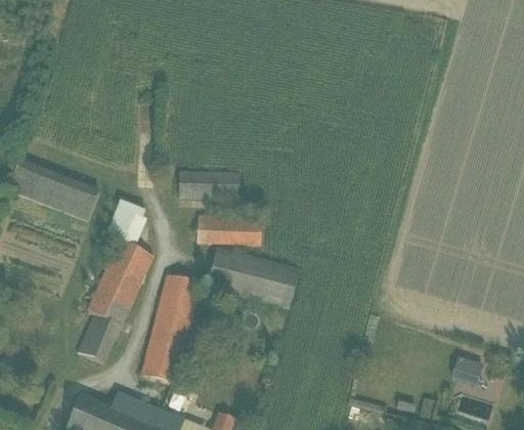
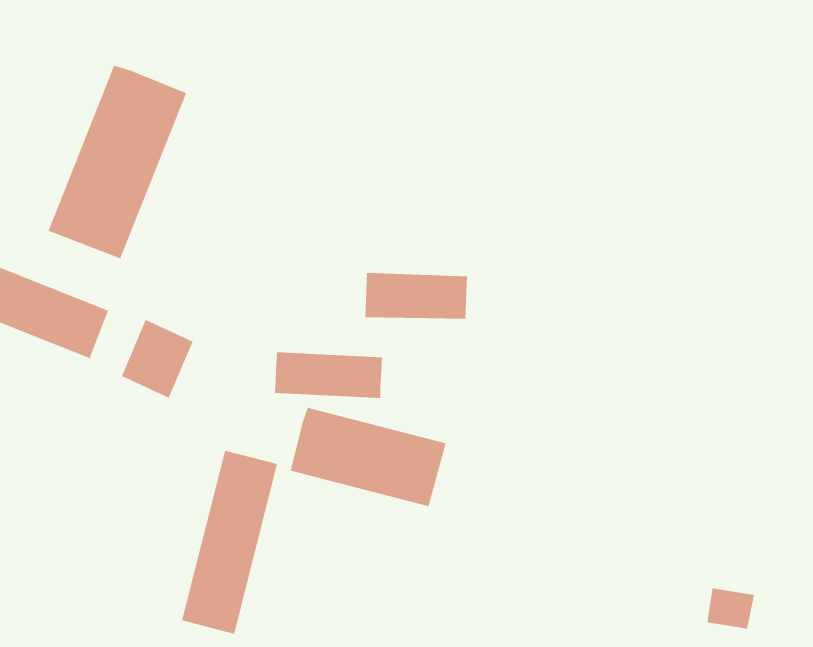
building: none -> [48,65,187,259]
building: [179,171,241,199] -> [364,273,468,319]
building: [78,240,154,362] -> none

